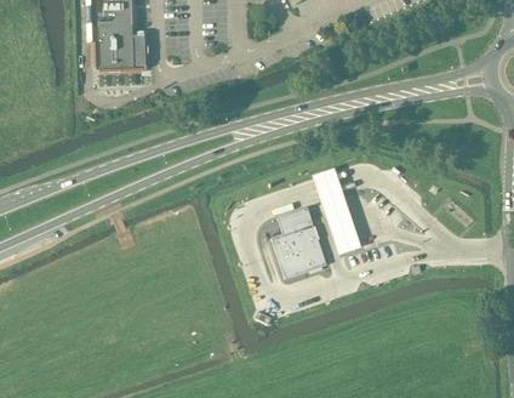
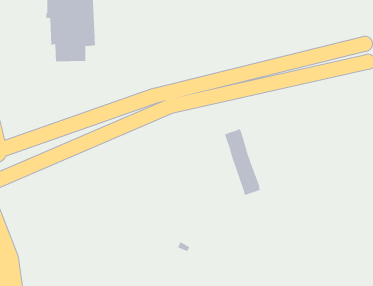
building: [270,206,325,278] -> none

